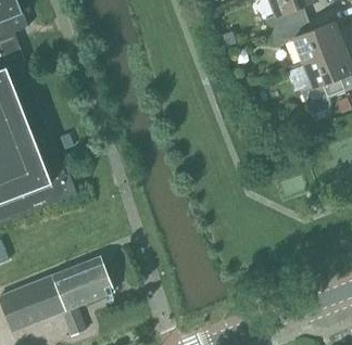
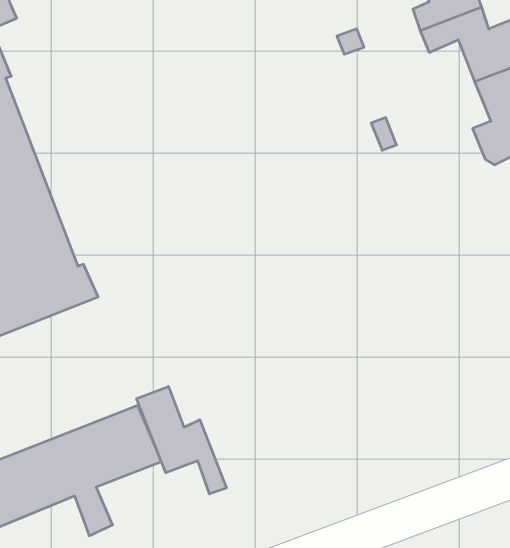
building: none -> [137,386,226,494]

